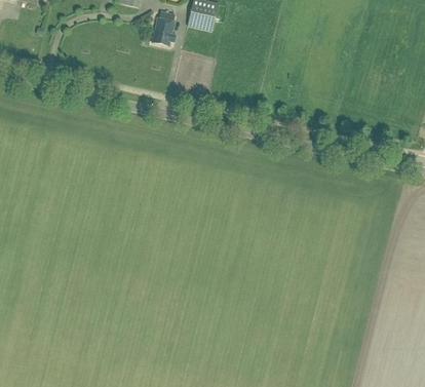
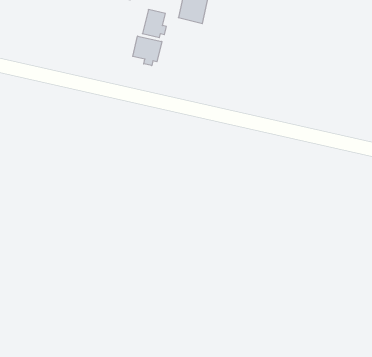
building: none -> [133,36,162,66]

